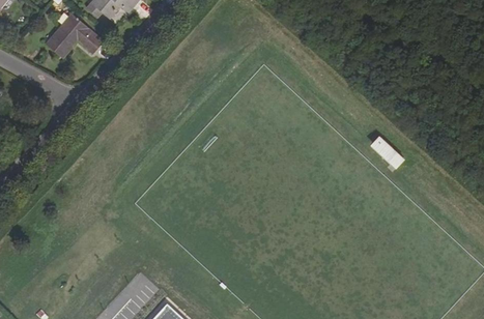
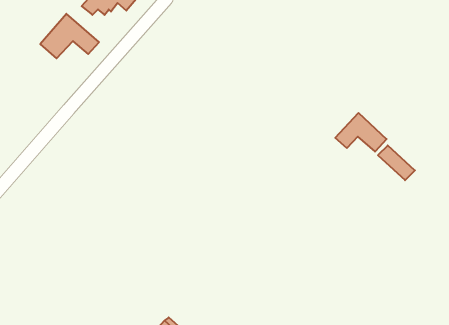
building: none -> [335,113,387,152]

